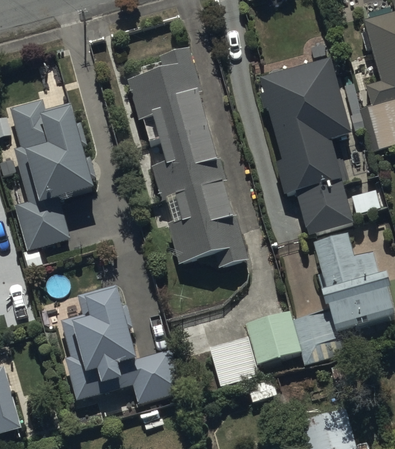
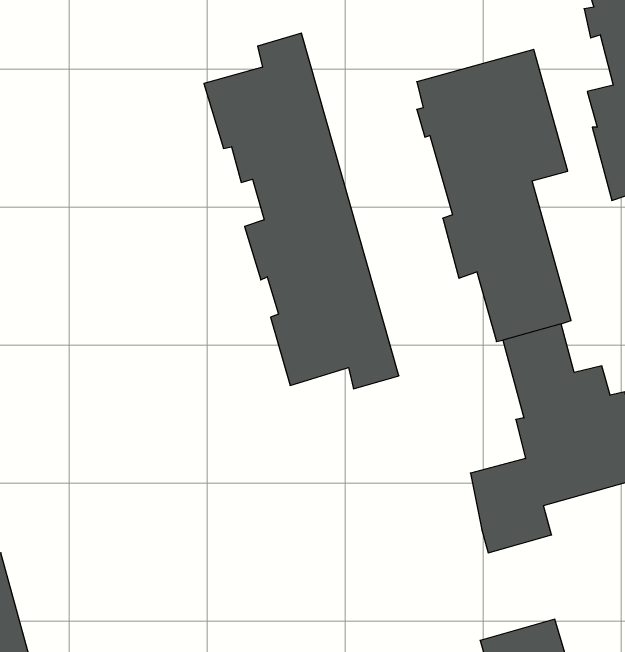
building: [11,100,93,267] -> none
building: [57,286,178,402] -> none
building: [208,310,298,387] -> none

